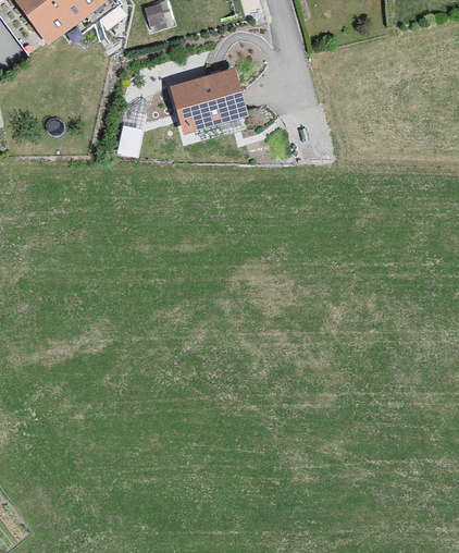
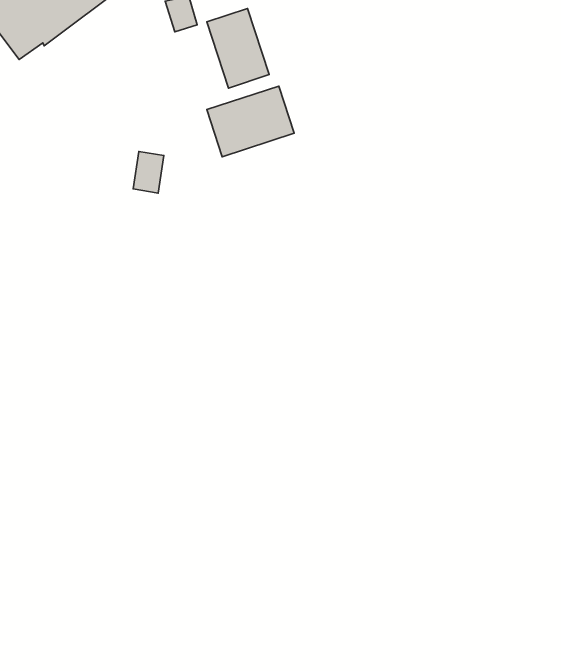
building: none -> [207,8,269,88]

